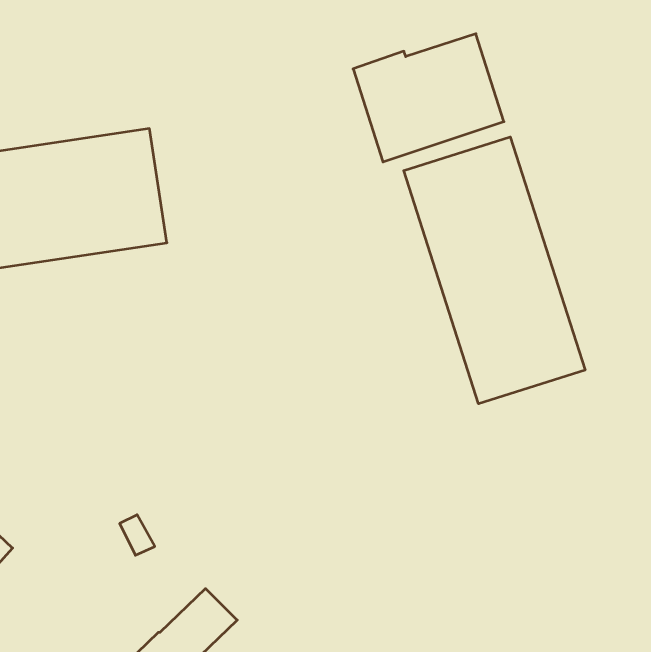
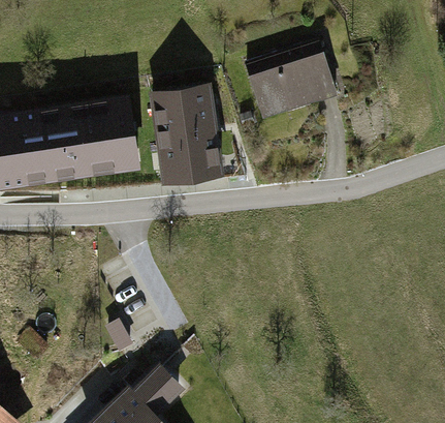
building: none -> [153,87,220,181]
building: [404,137,585,404] -> none

